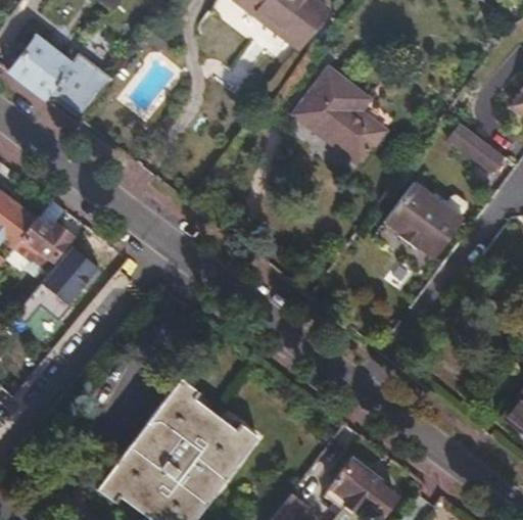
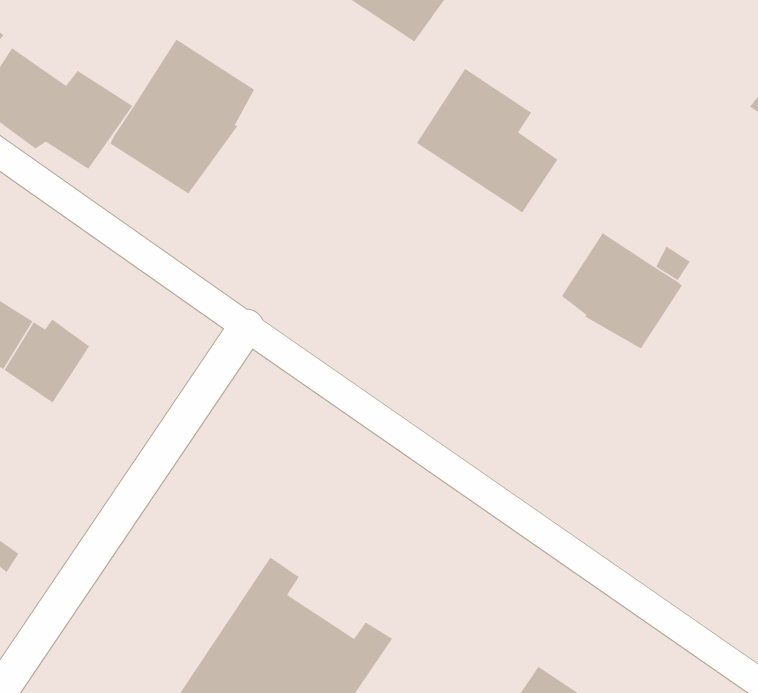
building: none -> [110,39,255,195]
building: [446,124,504,174] -> none
building: [19,246,97,322] -> none

